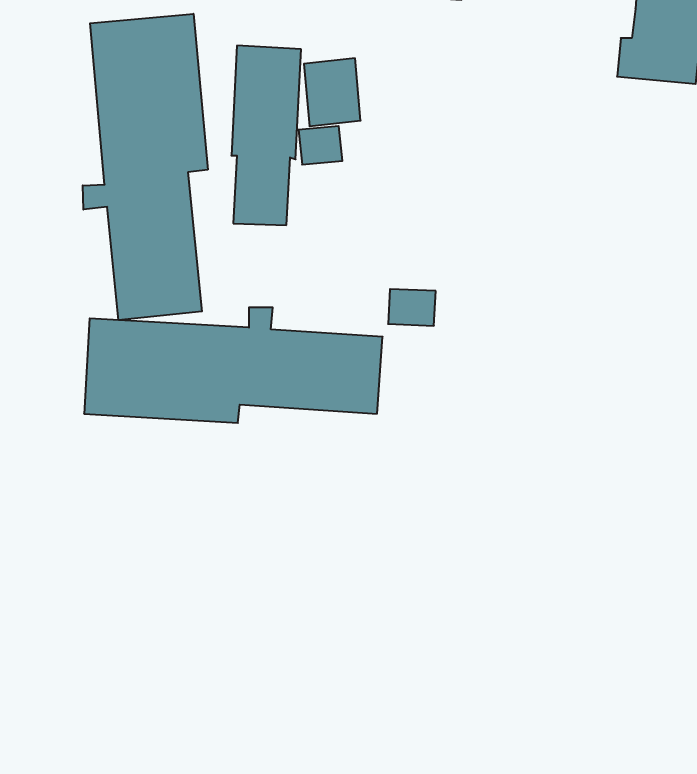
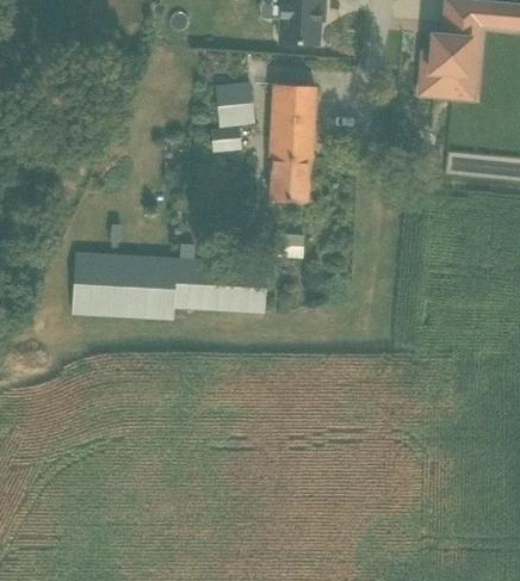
building: [83,14,208,320] -> none
building: [231,46,301,225] -> [271,85,316,202]

